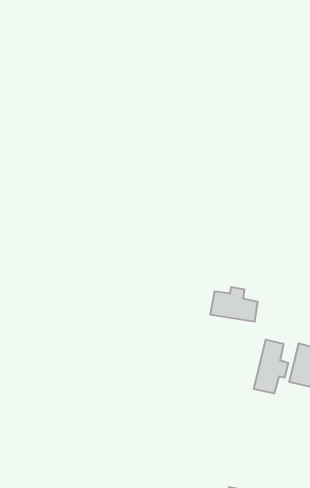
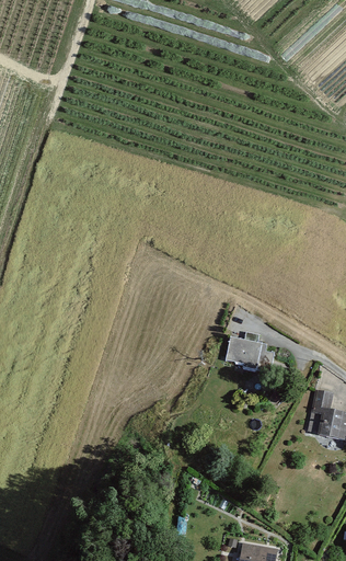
building: [254,339,288,394] -> none

